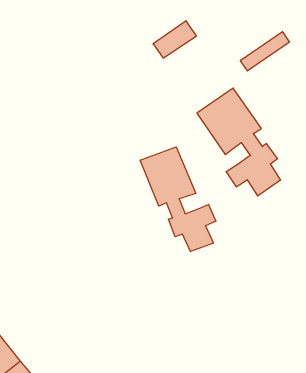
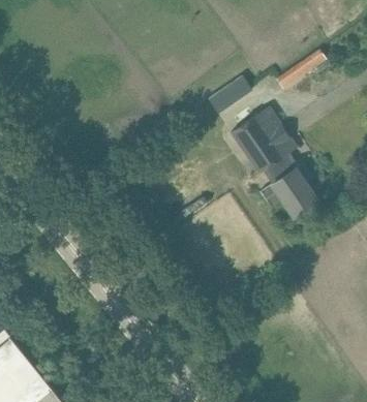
building: [153,21,196,58] -> [207,76,251,115]
building: [140,147,216,252] -> none

